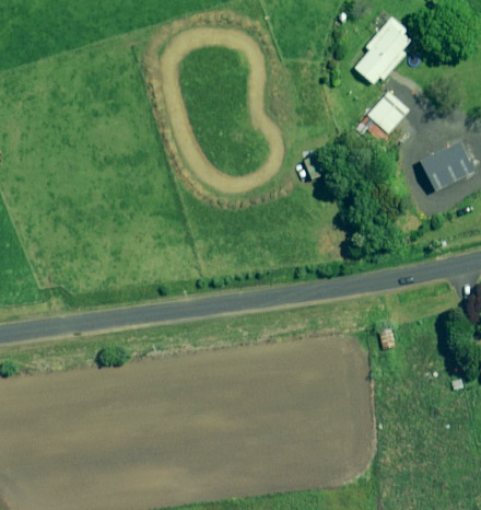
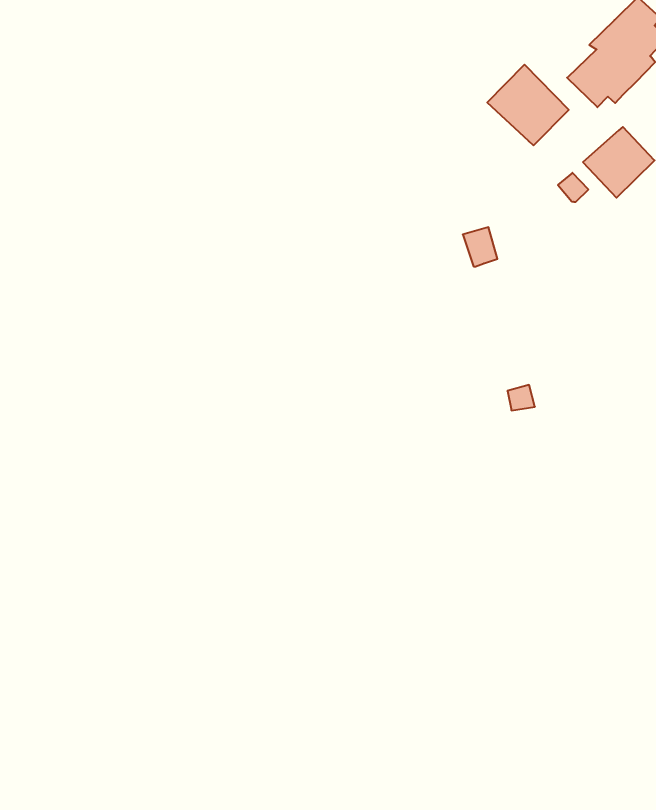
building: none -> [487,65,569,145]

